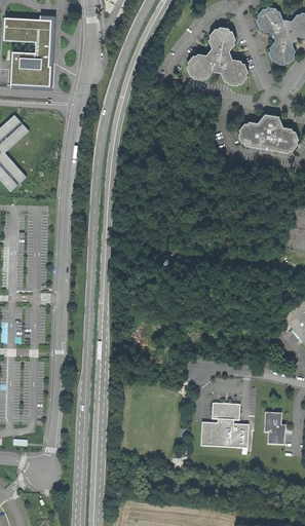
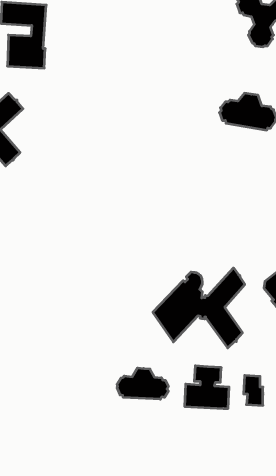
building: [186,26,247,84] -> none
building: none -> [153,268,245,348]
building: none -> [117,368,168,399]

